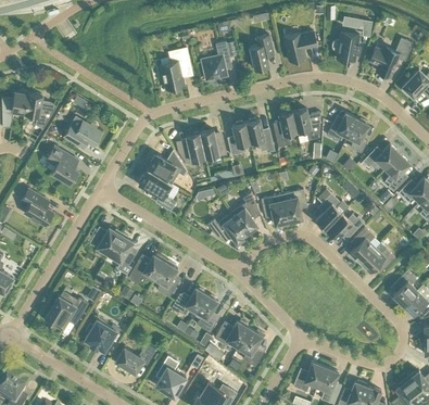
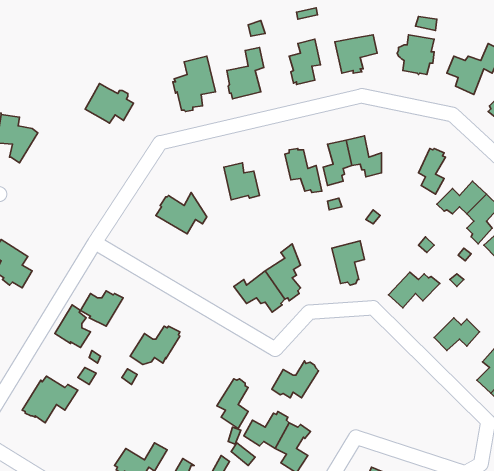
building: [326,111,356,140] -> none
building: [64,116,101,147] -> [85,83,134,123]
building: [228,119,250,154] -> none
building: [176,130,204,163] -> none
building: [46,144,78,182] -> none
building: [138,168,176,210] -> none
building: [315,188,348,229] -> none
building: [261,193,288,226] -> none
building: [350,226,375,262] -> none
building: [109,231,136,264] -> [55,305,90,348]
building: [154,260,177,295] -> none
building: [171,286,206,314] -> [272,361,319,398]
building: [84,316,119,350] -> none

